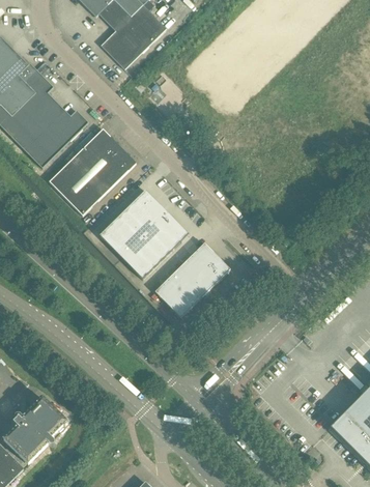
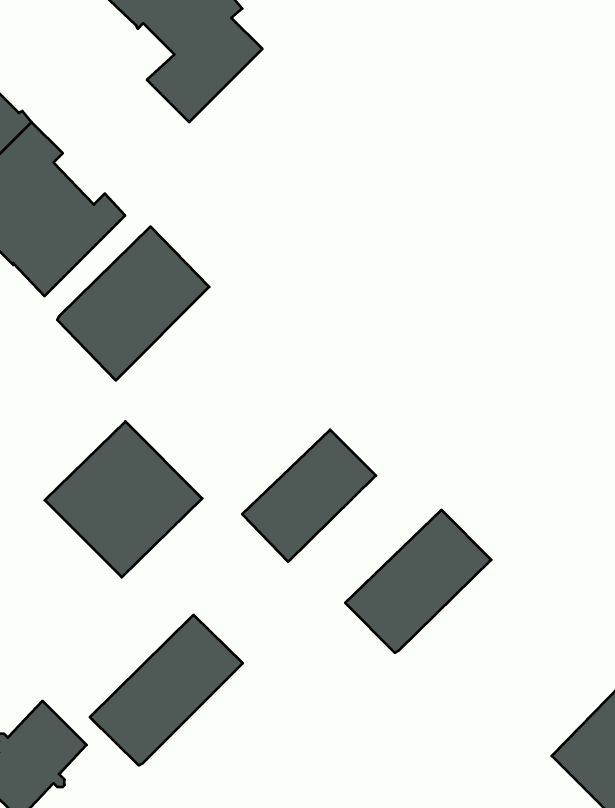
building: [99,191,189,279] -> [45,421,202,577]
building: none -> [345,510,491,653]
building: none -> [90,615,243,765]

